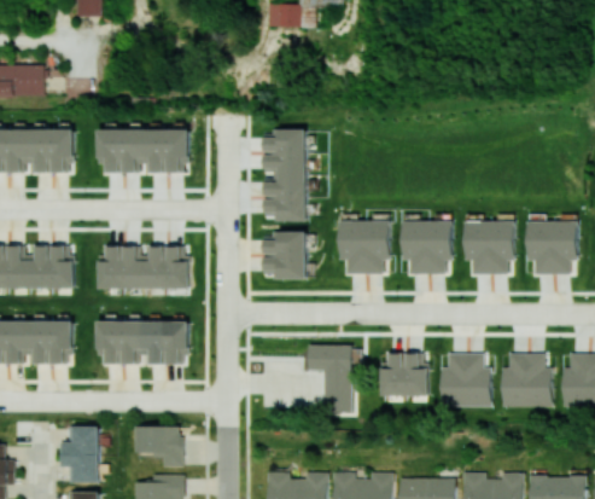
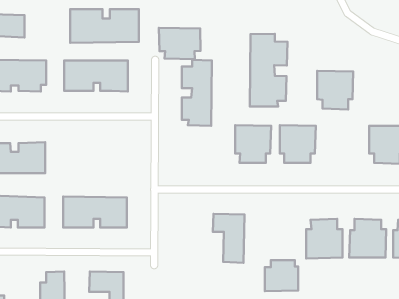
building: none -> [70,9,139,43]
building: none -> [159,28,201,59]
building: none -> [250,34,287,107]
building: [465,220,515,274] -> [317,71,353,109]
building: [263,232,305,278] -> none
building: [98,245,189,289] -> none
building: [380,353,427,396] -> [265,260,298,291]

